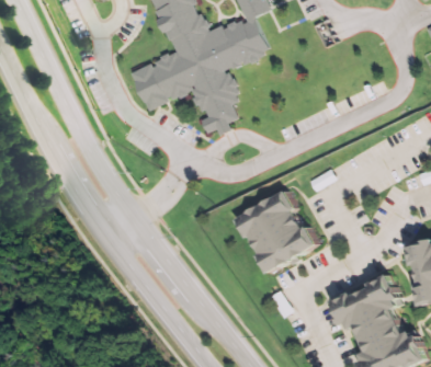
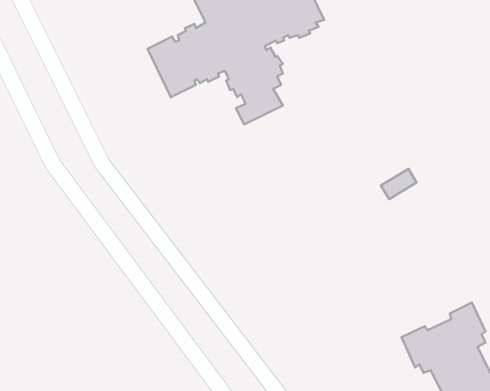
building: [238,191,320,273] -> none

